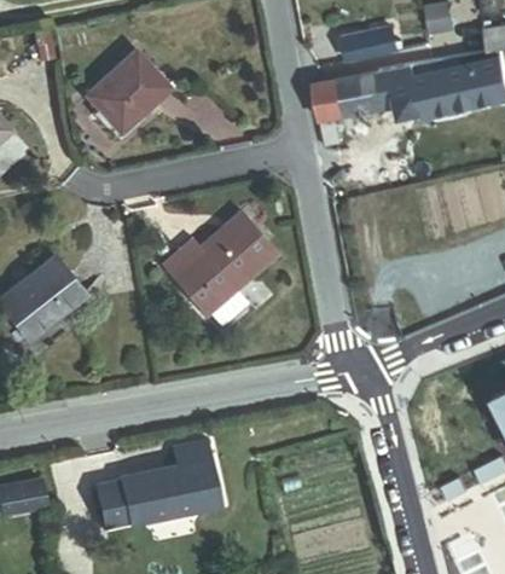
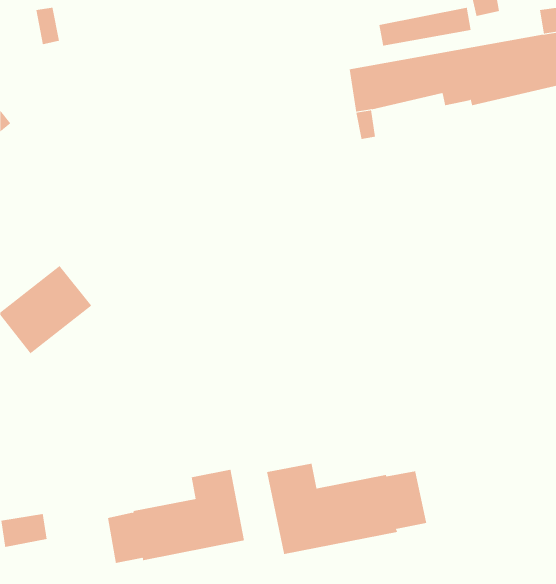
building: [87,52,168,133] -> none
building: [162,213,275,326] -> none
building: none -> [267,463,427,555]

